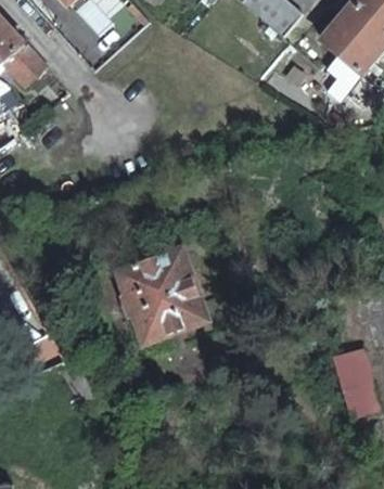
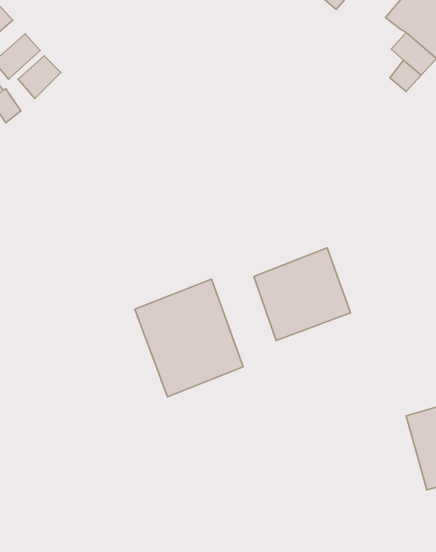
building: none -> [254,248,350,341]

